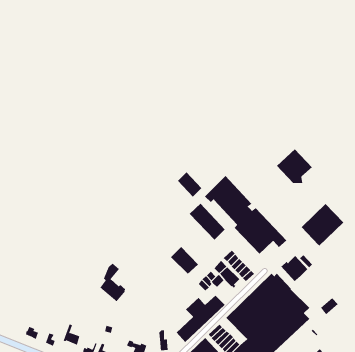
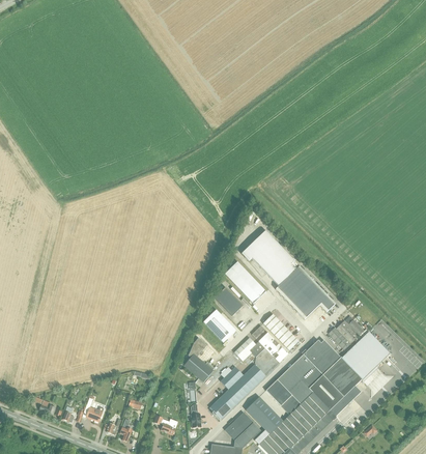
building: [276,148,313,184] -> none
building: [177,172,202,197] -> [215,286,243,315]
building: [301,203,344,246] -> [341,331,390,379]
building: [99,263,126,302] -> [183,337,214,381]

